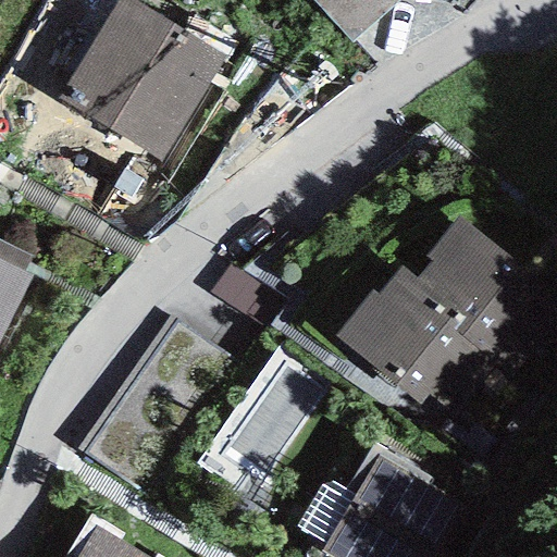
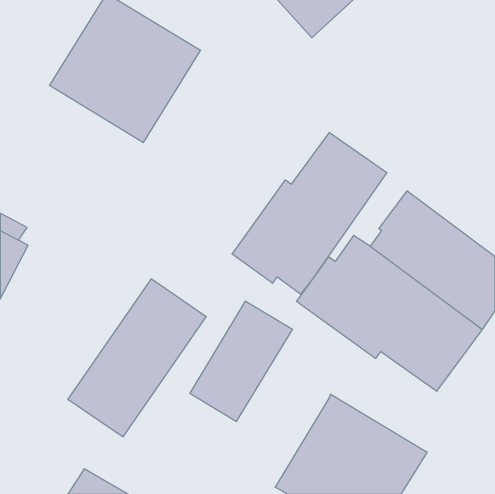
building: none -> [232,132,387,294]

